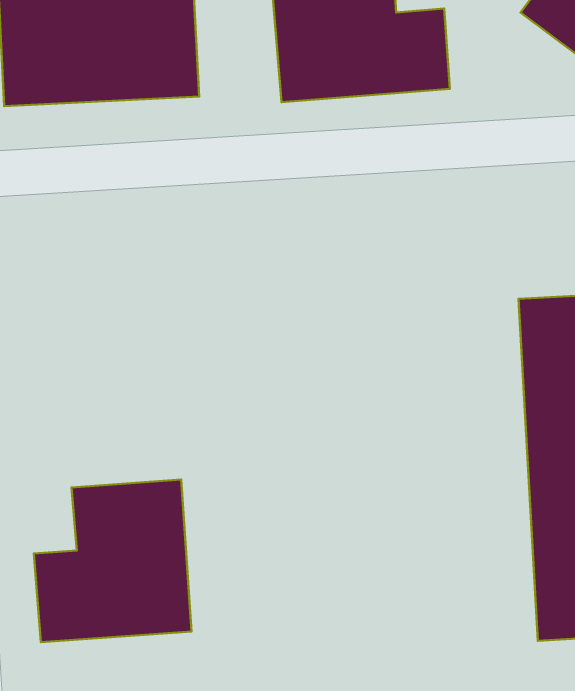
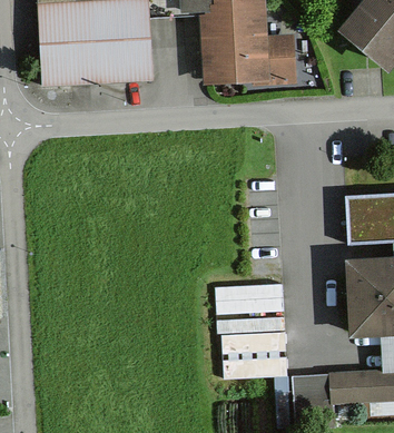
building: none -> [220,279,335,410]
building: [34,479,191,642] -> none

